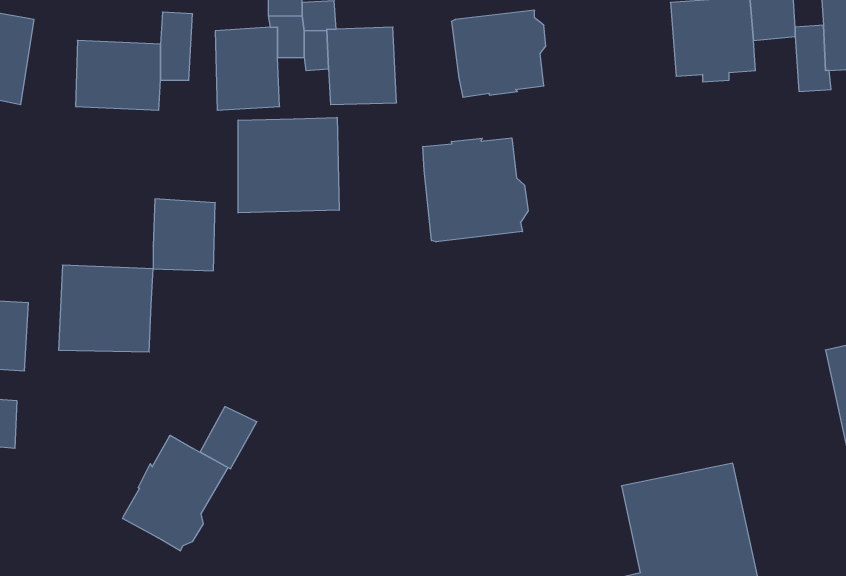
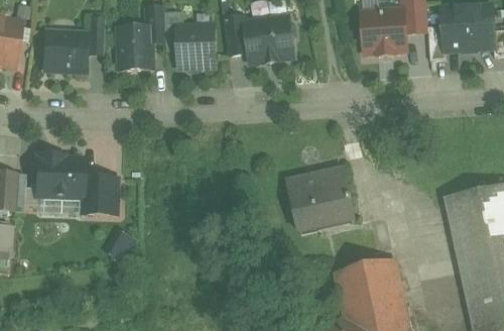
building: none -> [224,16,248,54]
building: [238,117,339,213] -> none
building: [423,138,528,242] -> none
building: [153,199,215,271] -> [83,174,116,212]
building: none -> [289,171,353,233]
building: [123,435,228,551] -> none

